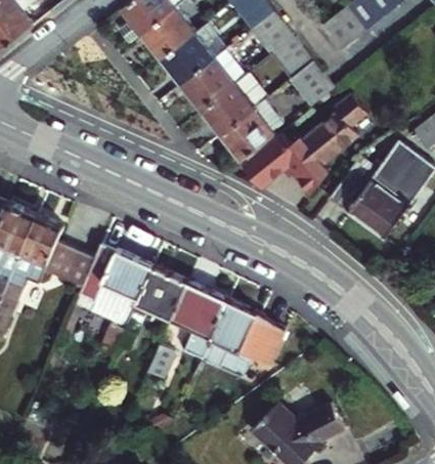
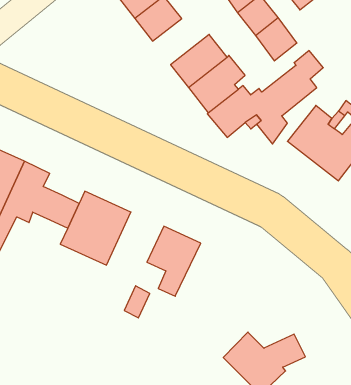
building: [178,52,240,111] -> none
building: [126,270,190,338] -> none
building: [203,304,289,380] -> none

